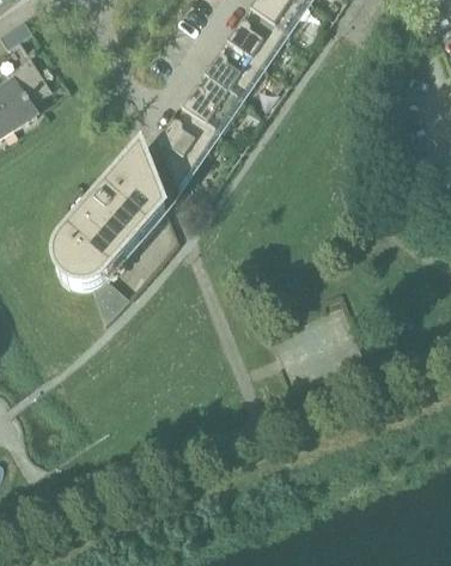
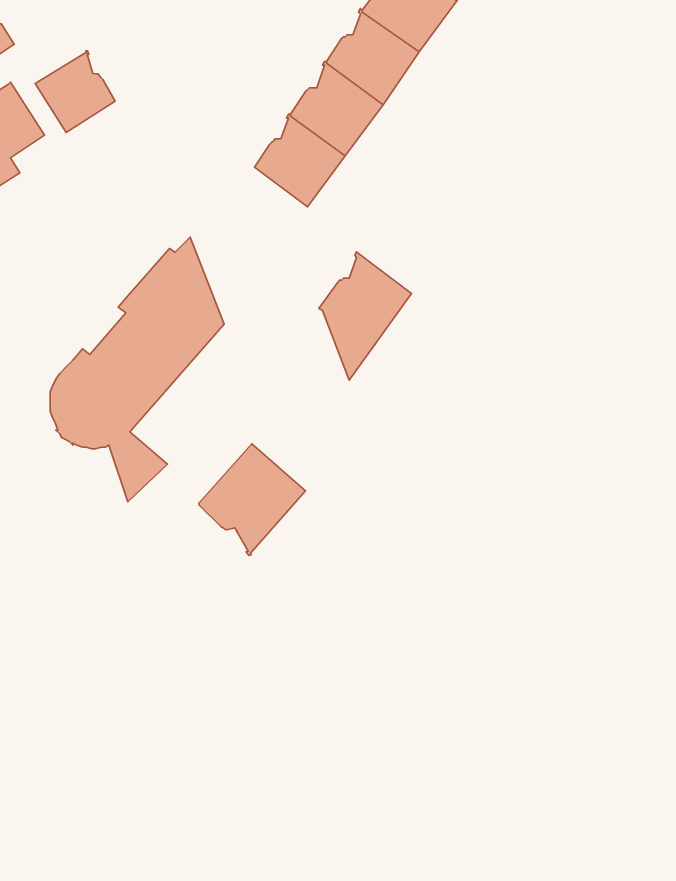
building: none -> [35,51,115,132]
building: [158,109,217,190] -> [319,252,412,380]
building: none -> [199,444,306,555]

